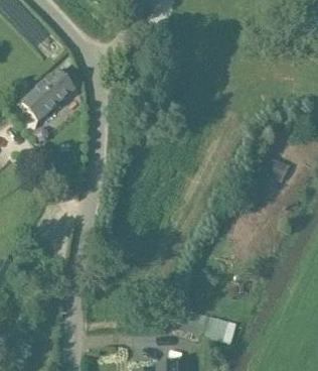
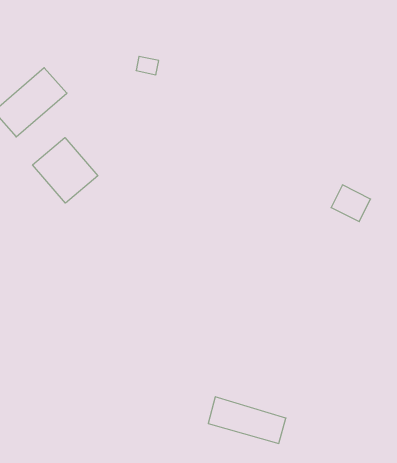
building: none -> [33,138,98,203]

